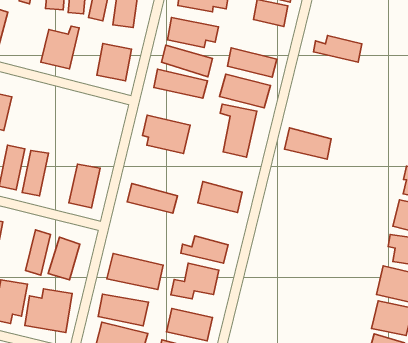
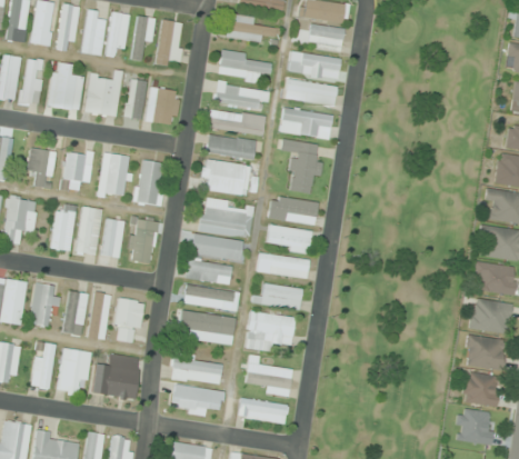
building: none -> [48,61,83,110]
building: none -> [124,78,147,119]
building: [313,36,362,62] -> [289,53,340,79]
building: none -> [206,133,256,159]
building: none -> [60,148,93,191]
building: none -> [98,152,129,199]
building: none -> [137,160,163,204]
building: [284,128,331,159] -> [268,194,317,224]
building: none -> [198,200,253,237]
building: none -> [102,218,123,257]
building: none -> [257,252,309,277]
building: none -> [186,260,231,282]
building: none -> [64,291,87,335]
building: none -> [183,285,239,309]

